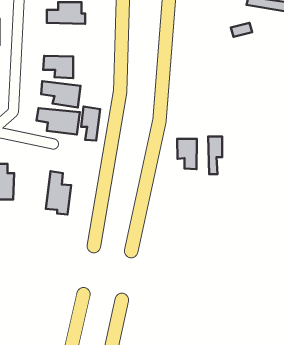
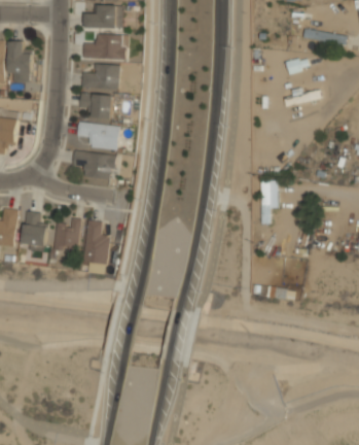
building: none -> [81,64,119,89]
building: [81,106,100,141] -> none
building: [177,139,197,169] -> none
building: none -> [53,217,81,252]

